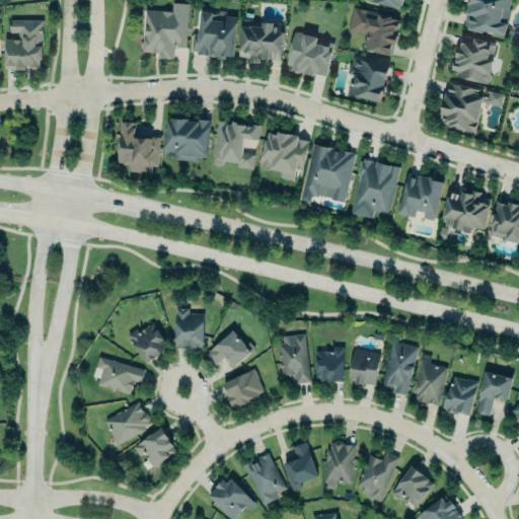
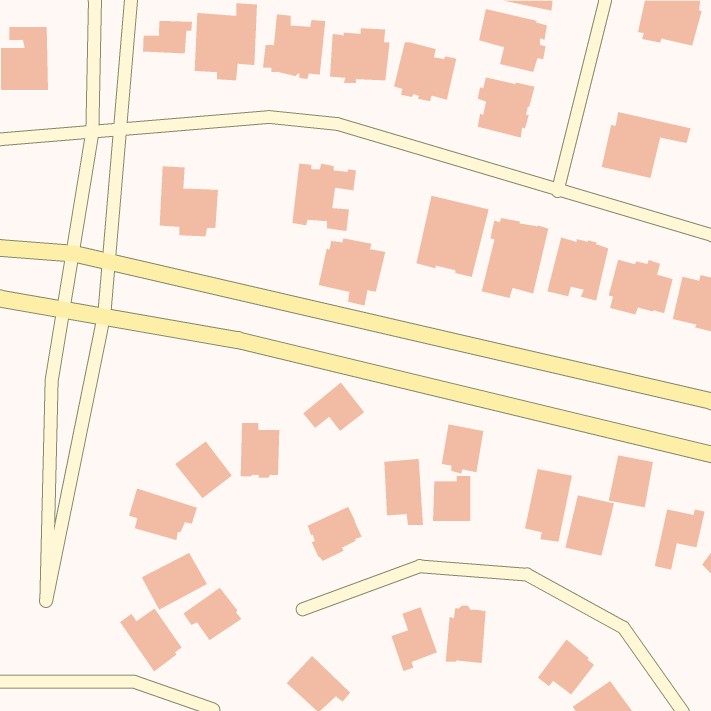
building: none -> [143,20,192,54]
building: [452,35,496,83] -> none
building: [164,119,210,161] -> none
building: [261,131,310,180] -> [318,238,386,306]
building: [206,330,251,367] -> [302,382,365,432]
building: [349,349,380,385] -> [441,424,484,474]
building: [444,377,477,416] -> [608,455,654,508]
building: none -> [119,608,183,673]
building: [357,452,399,503] -> none
building: [243,453,287,505] -> none

